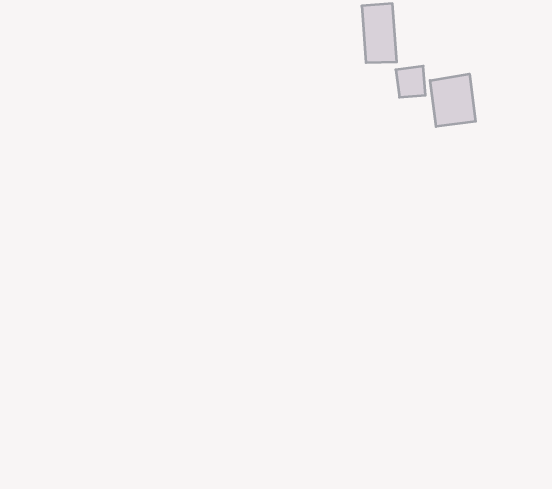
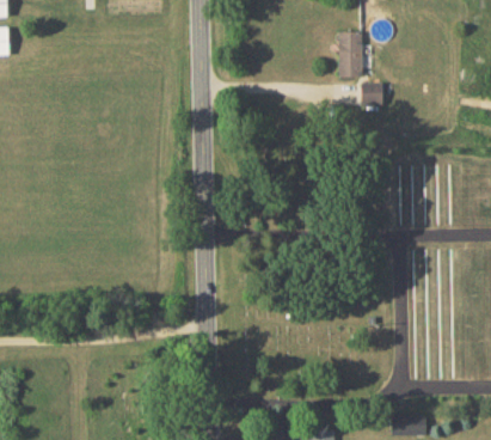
building: [430,74,476,127] -> none

